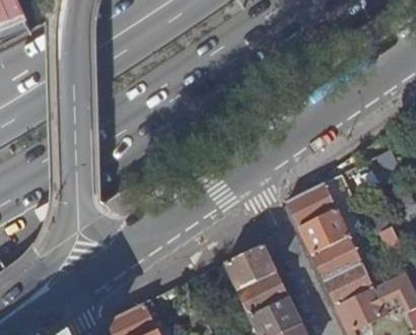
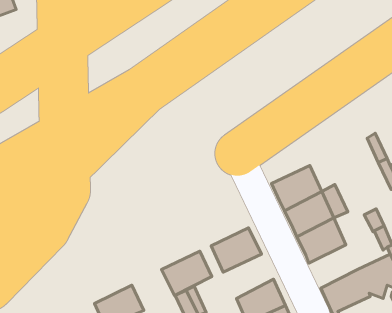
building: [324,264,373,308] -> none
building: [237,273,288,318] -> [162,251,212,296]

